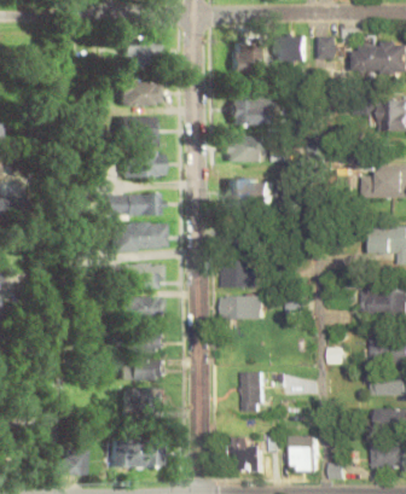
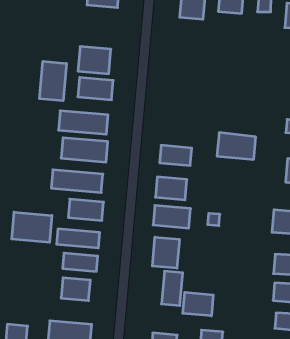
building: [121,82,159,105] -> none
building: [230,98,268,124] -> none
building: none -> [40,61,66,101]
building: [225,140,262,162] -> none
building: [228,179,272,207] -> [217,133,256,159]
building: none -> [12,212,52,242]
building: none -> [152,237,179,268]
building: none -> [183,292,213,316]

